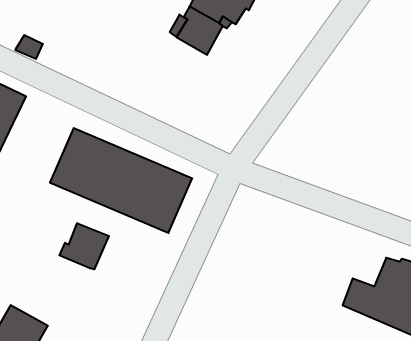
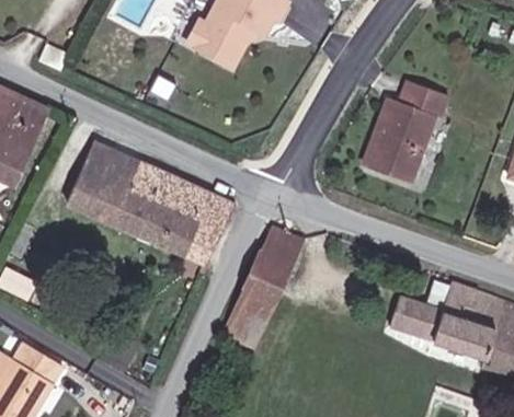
building: none -> [367,80,448,183]
building: none -> [222,223,306,349]
building: [59,223,109,269] -> none

